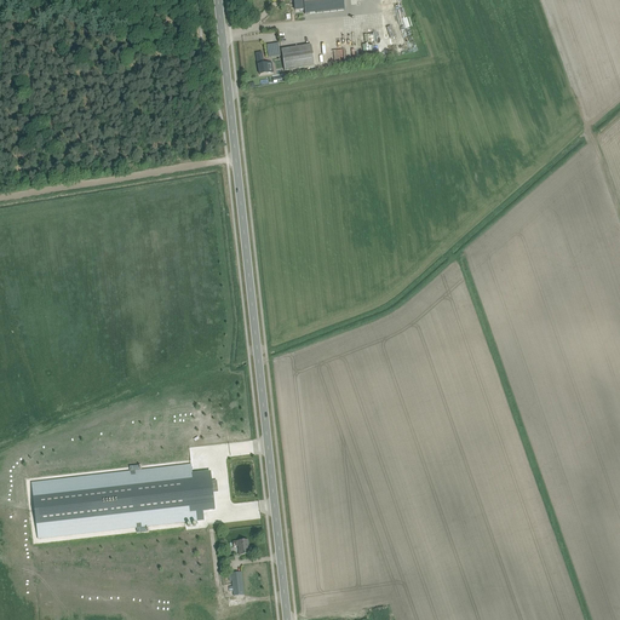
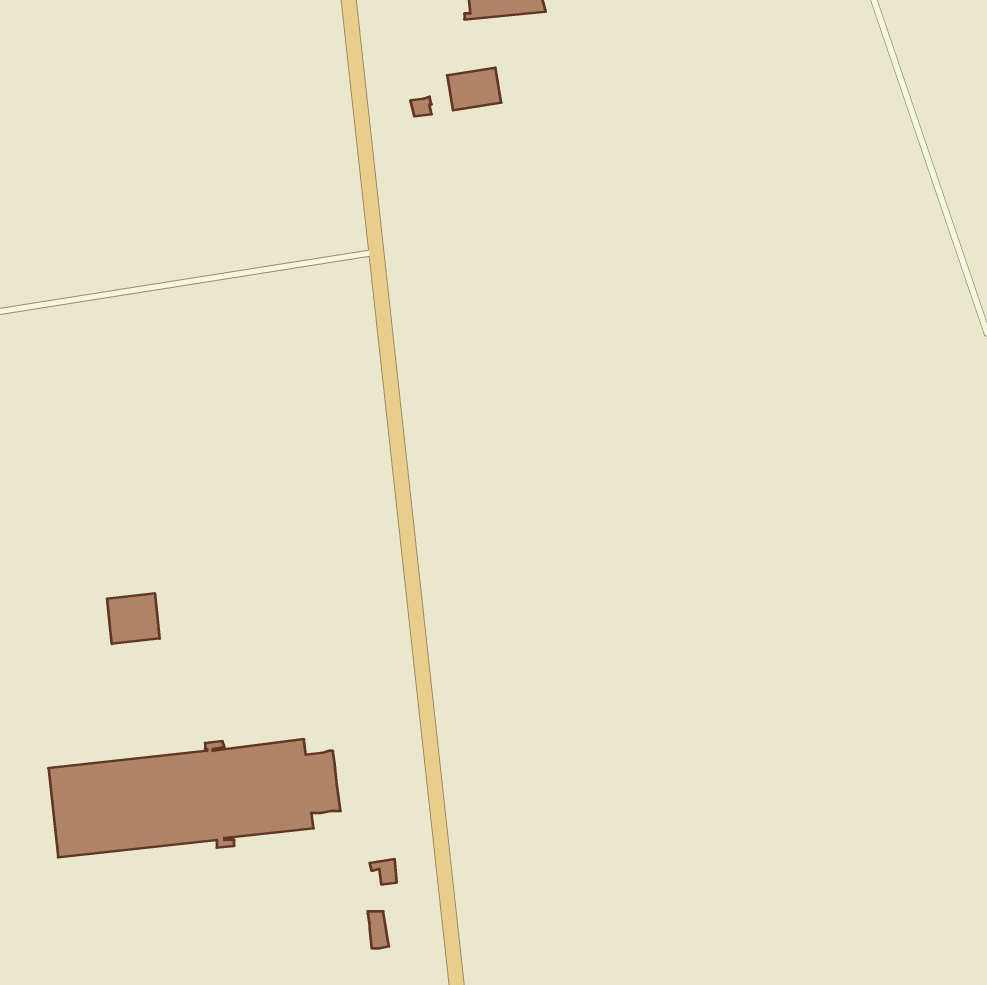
building: none -> [107,593,160,644]

